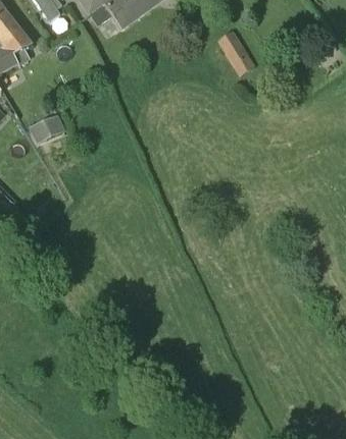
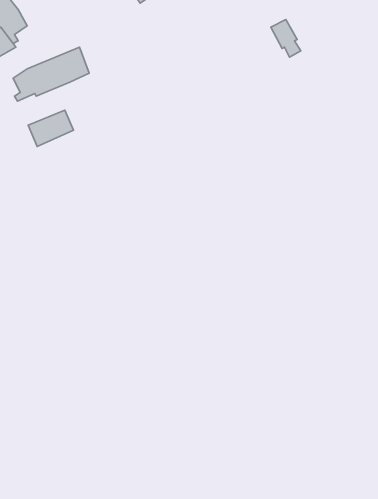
building: none -> [13,47,89,101]

